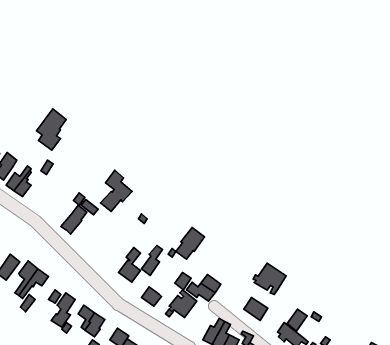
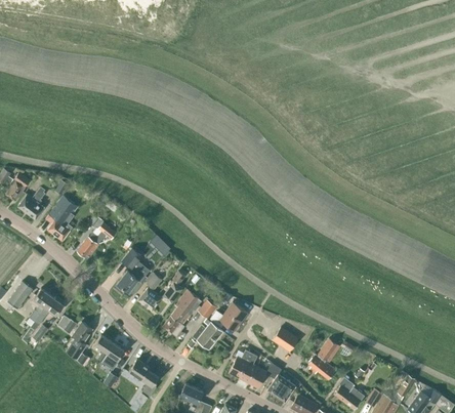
building: [36,109,66,150] -> [46,196,78,240]
building: [101,170,132,212] -> [117,248,151,292]
building: [176,227,205,259] -> [171,290,202,324]
building: [253,263,286,295] -> none

